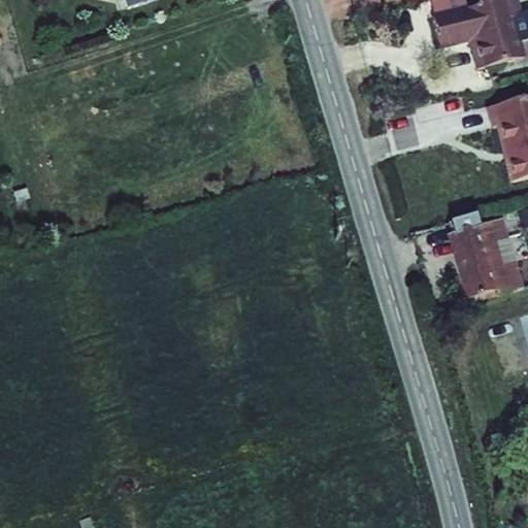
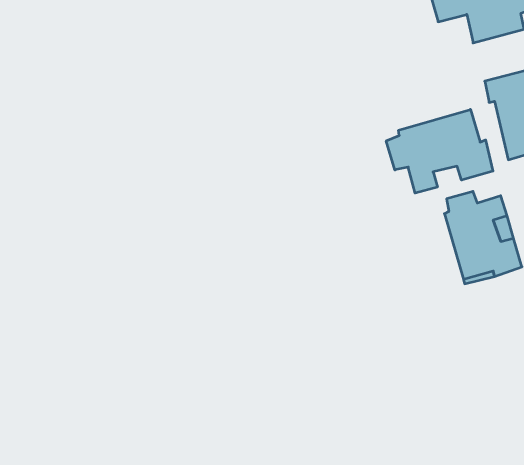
building: none -> [386,109,493,193]

